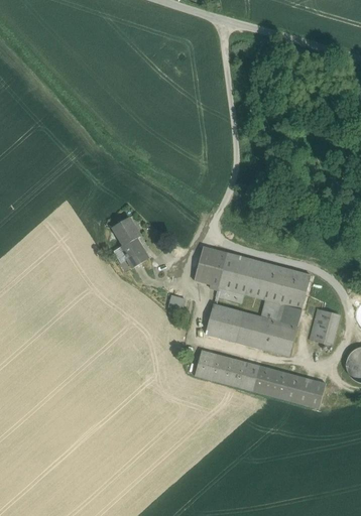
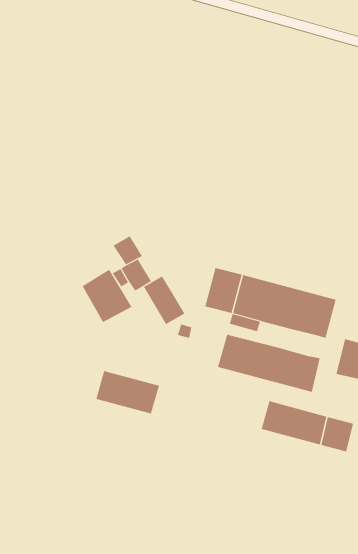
building: none -> [82,269,132,323]
building: none -> [143,276,185,325]
building: [261,299,291,324] -> none
building: [195,350,251,388] -> [95,371,160,414]

